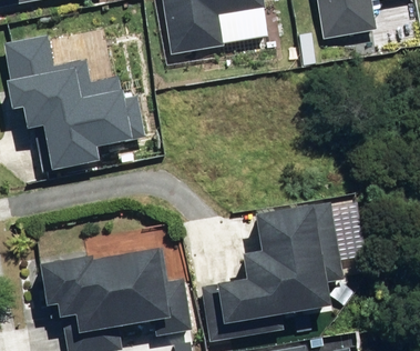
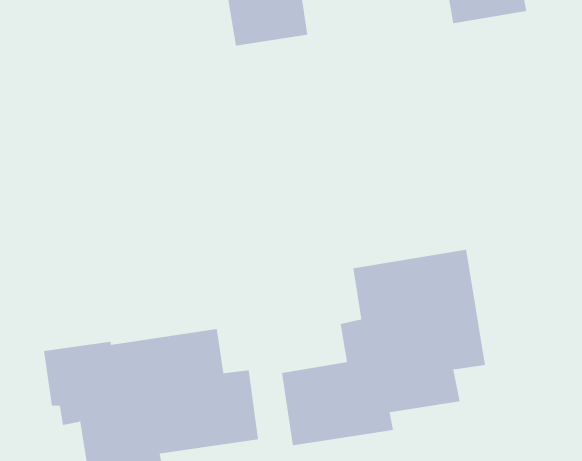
building: [12,42,142,167] -> none

